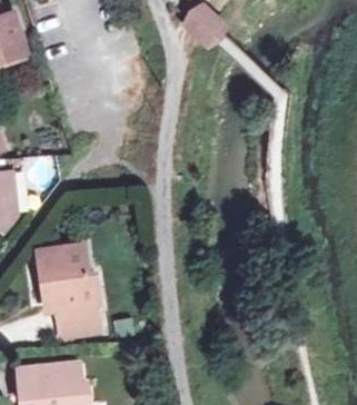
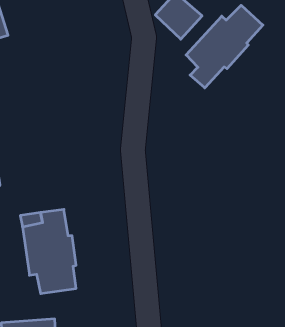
building: none -> [186,5,263,88]

